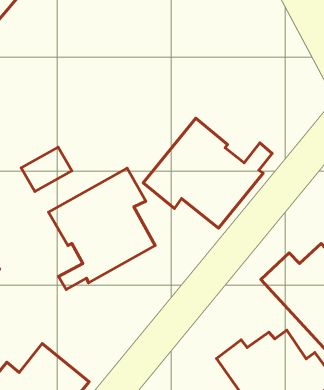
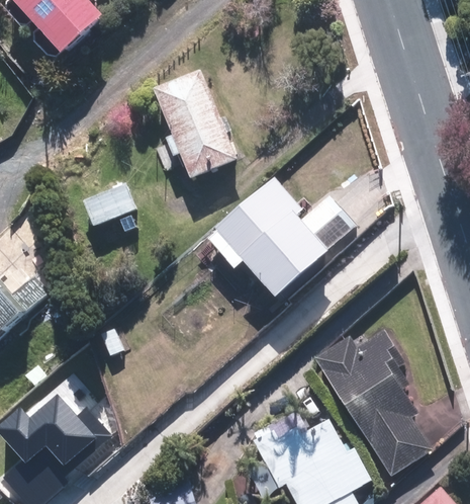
building: none -> [152,68,238,180]
building: [48,168,155,290] -> none

